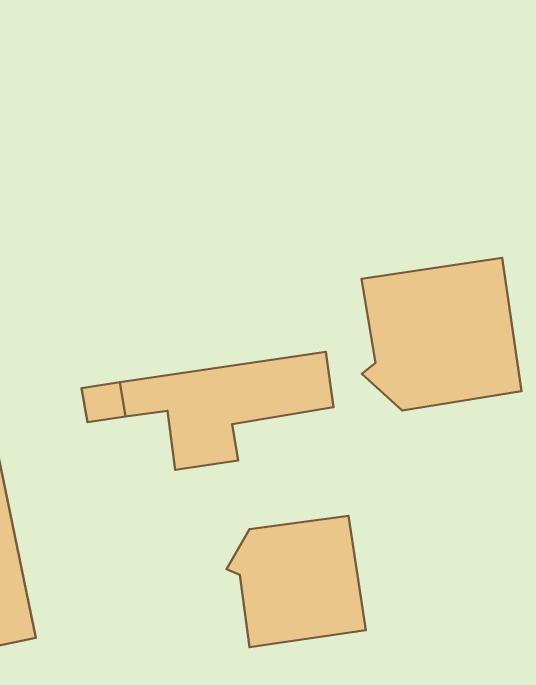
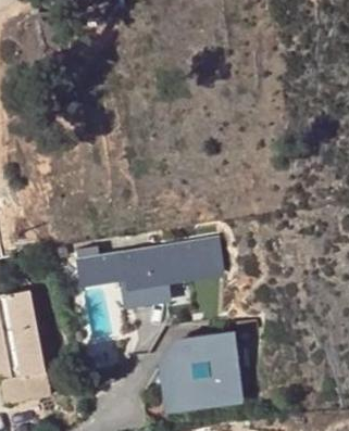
building: [362,258,522,410] -> none

